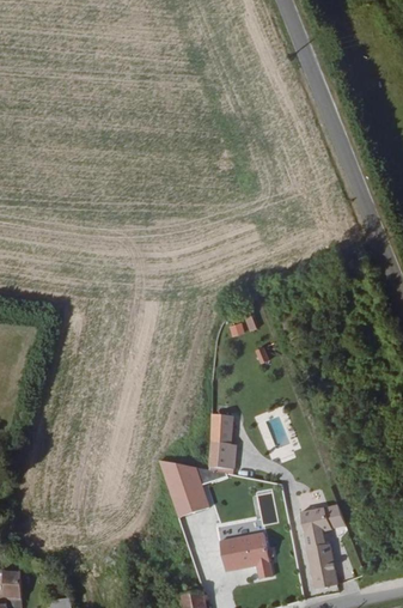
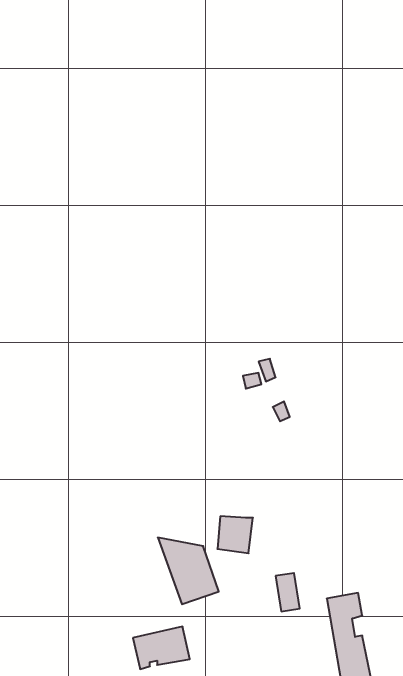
building: [210,414,233,444] -> none
building: [222,533,270,569] -> [133,627,190,669]

